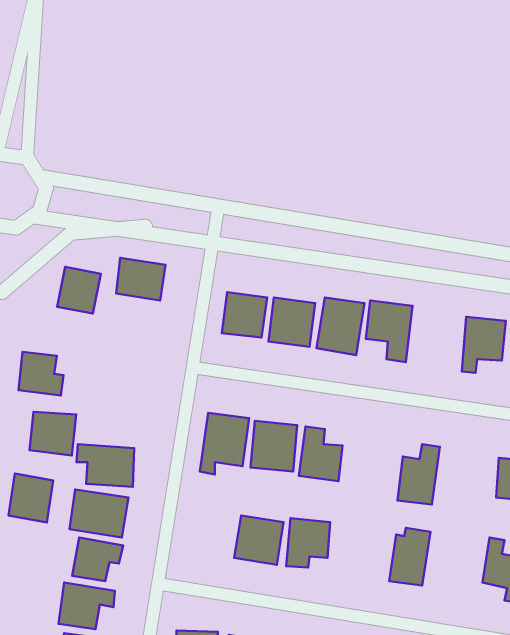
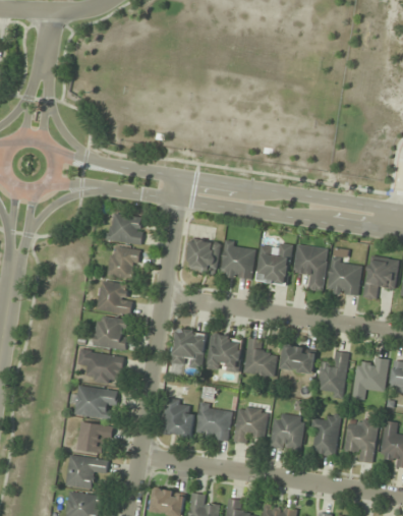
building: [57,267,101,314] -> [107,245,139,280]
building: none -> [327,247,361,295]
building: [18,352,64,396] -> [98,281,131,313]
building: [29,412,76,456] -> [93,317,127,349]
building: none -> [279,343,316,375]
building: none -> [352,356,388,399]
building: [8,473,53,523] -> none
building: none -> [160,398,194,438]
building: none -> [269,412,304,451]
building: none -> [344,418,379,462]

